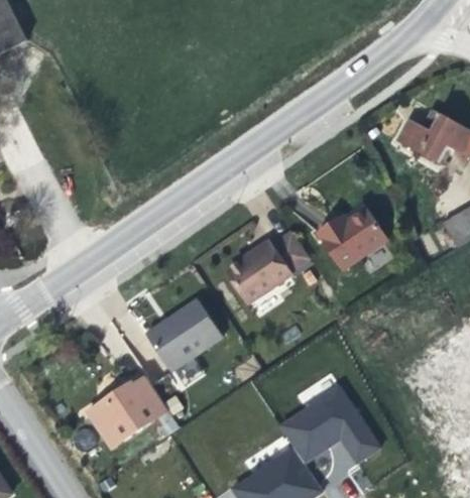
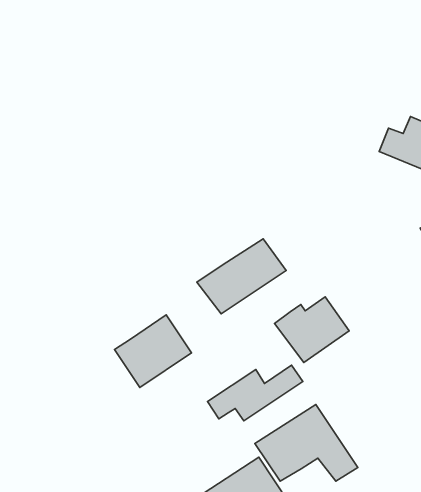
building: [313,205,384,267] -> [274,297,349,362]
building: none -> [207,365,303,421]
building: [88,376,169,450] -> none

